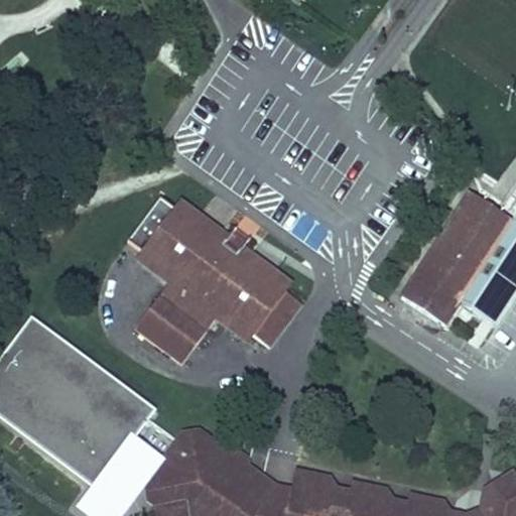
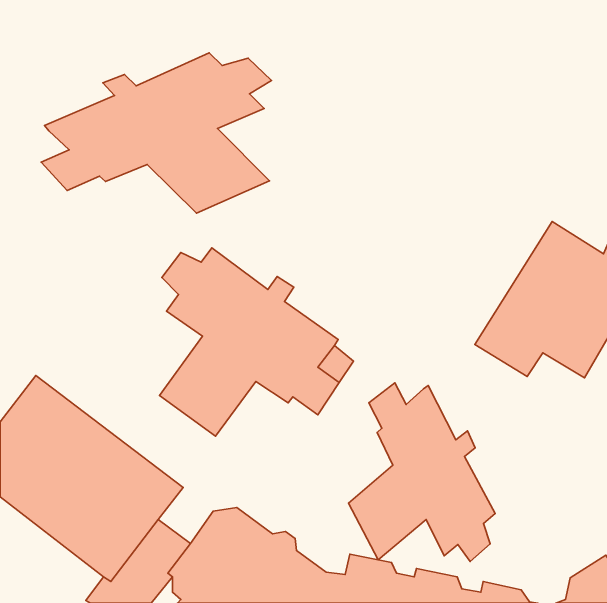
building: none -> [41,53,272,213]
building: none -> [349,383,495,562]

